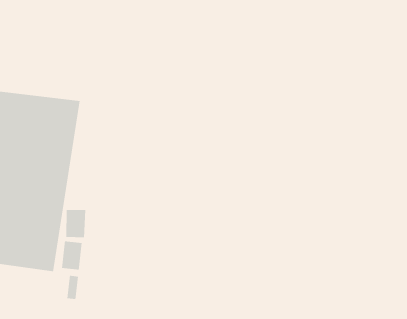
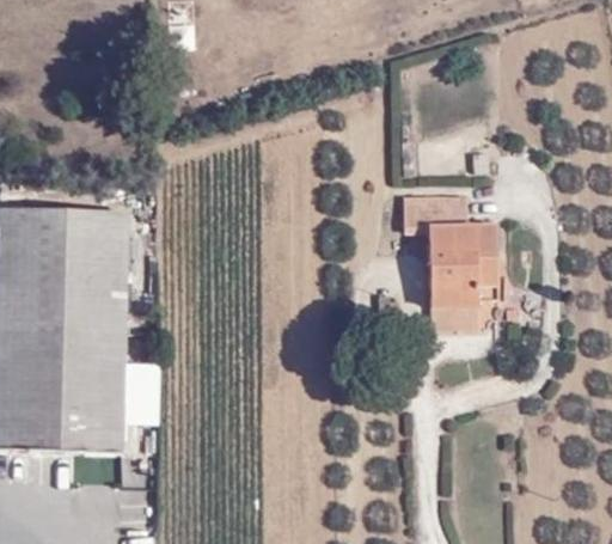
building: none -> [403,190,501,325]

